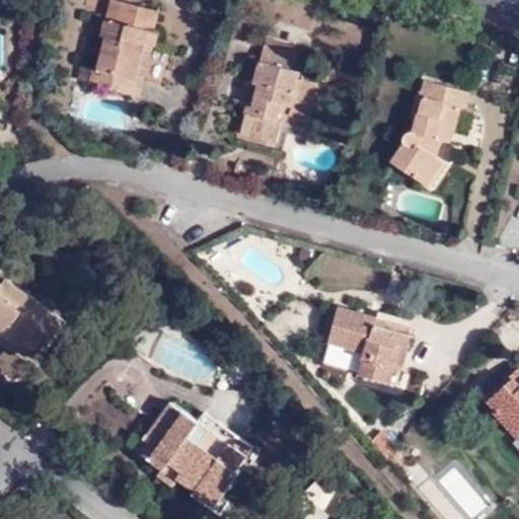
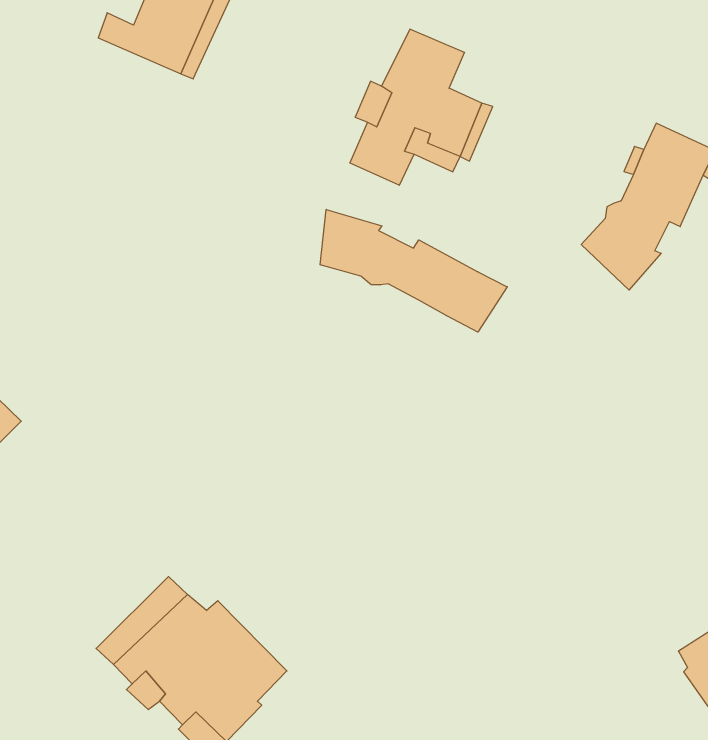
building: none -> [320,209,507,332]
building: [327,308,417,386] -> none

